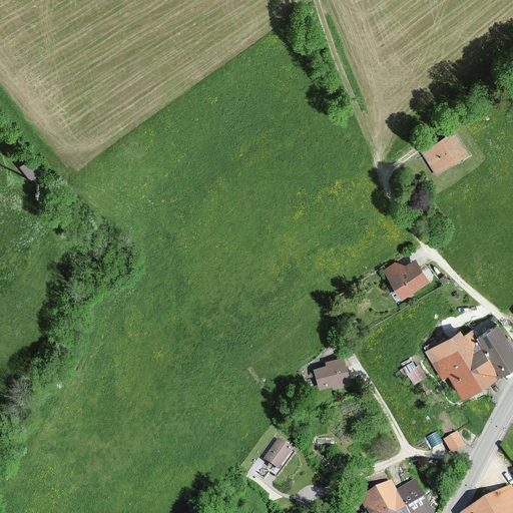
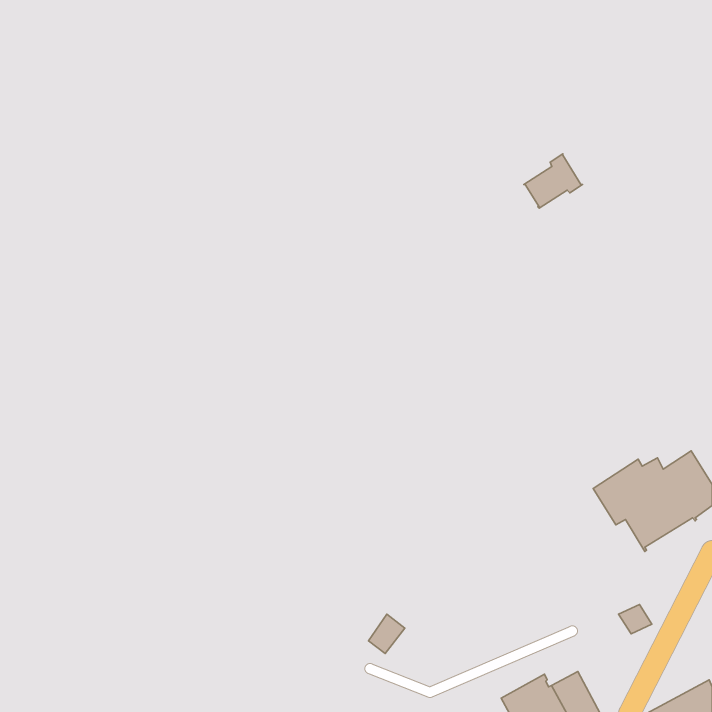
building: [424,132,466,171] -> [524,154,582,208]
building: [391,267,424,294] -> none
building: [314,358,350,388] -> none

